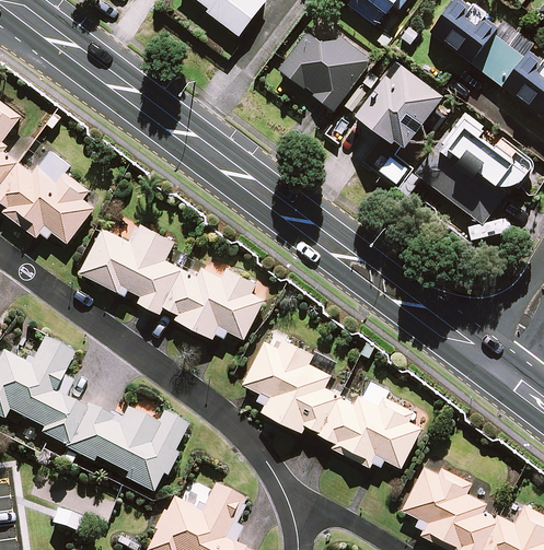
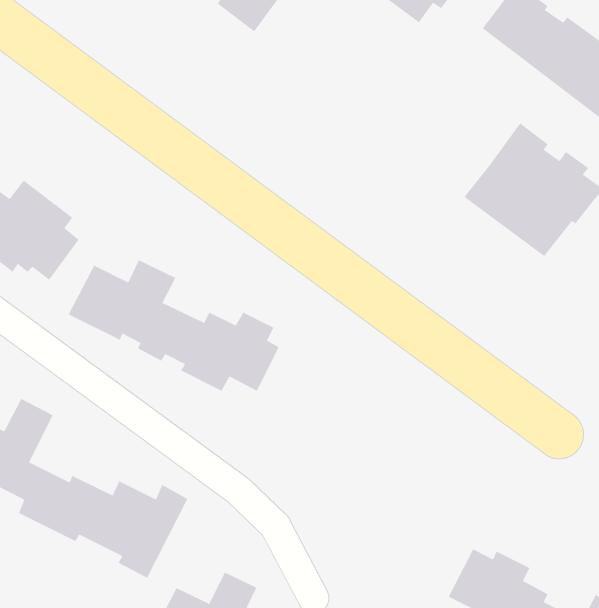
building: [278,26,371,109] -> none
building: [357,66,442,145] -> none
building: [244,333,418,466] -> none

